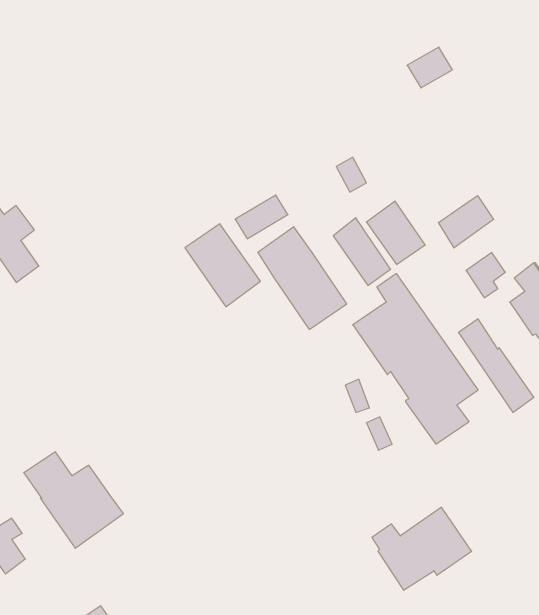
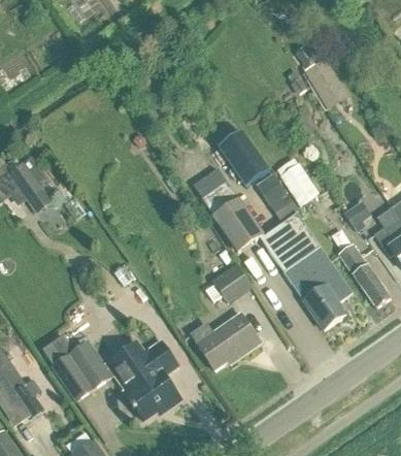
building: [438,196,494,248] -> none
building: [185,224,260,307] -> [218,131,269,188]
building: none -> [205,263,252,301]
building: none -> [102,340,180,419]
building: [372,507,472,590] -> [193,313,261,369]

